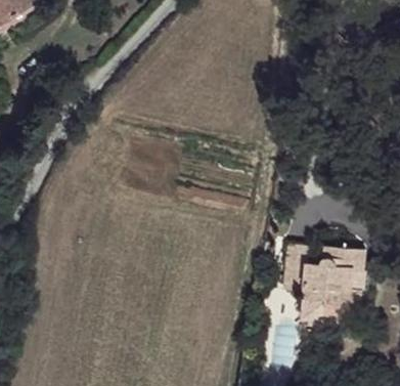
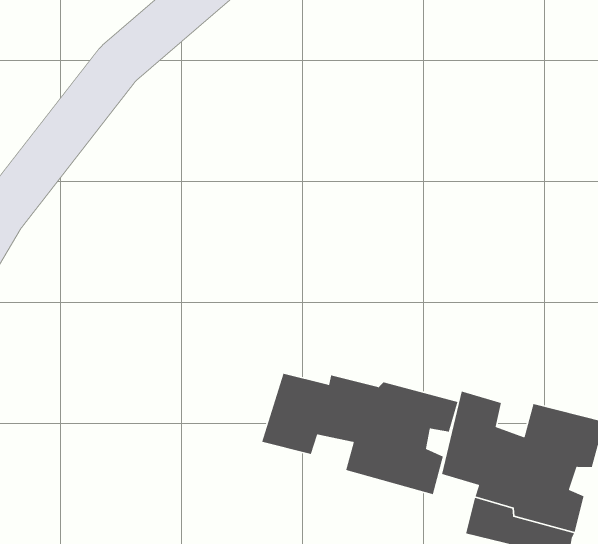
building: none -> [261,373,459,495]

